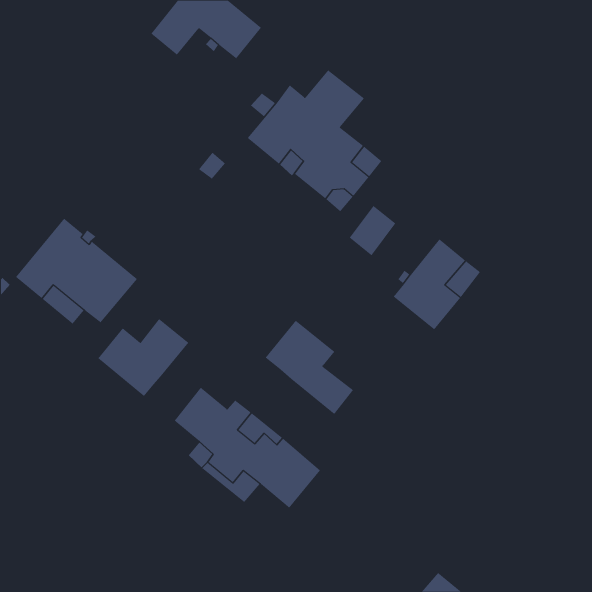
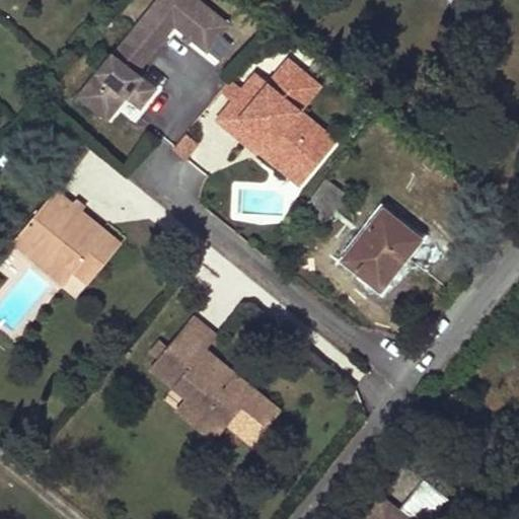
building: none -> [77,29,156,122]
building: [98,318,189,397] -> none
building: [265,320,354,415] -> none
building: none -> [175,316,218,358]

